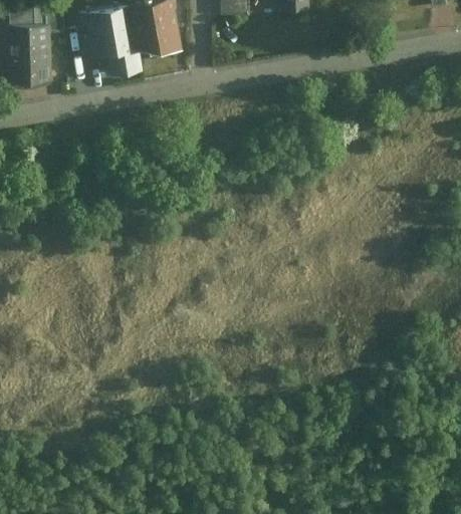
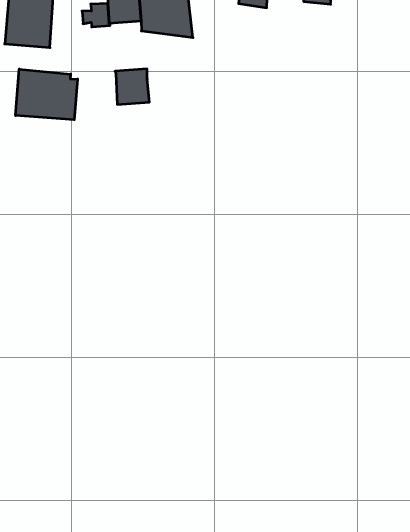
building: [101,43,135,77] -> [115,69,149,104]
building: none -> [16,69,78,120]

